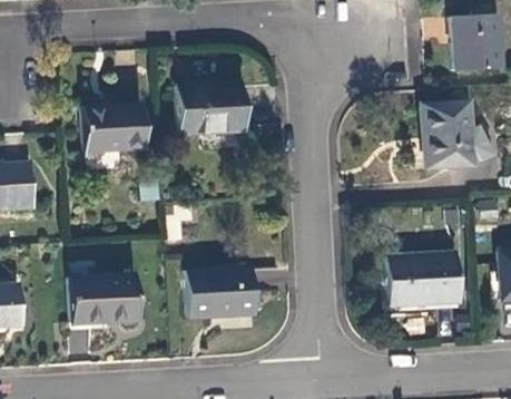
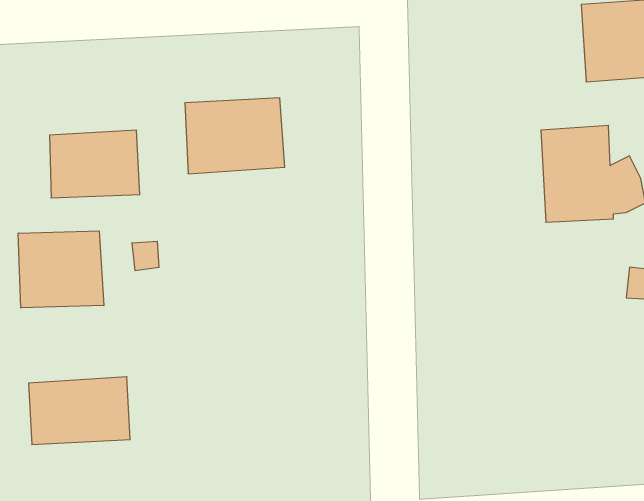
building: none -> [18,231,104,308]
building: [387,251,461,305] -> none
building: [186,264,256,315] -> none

